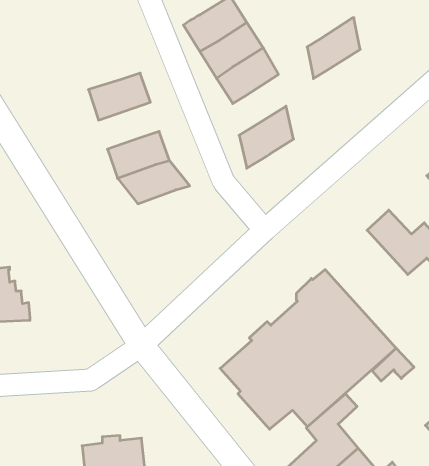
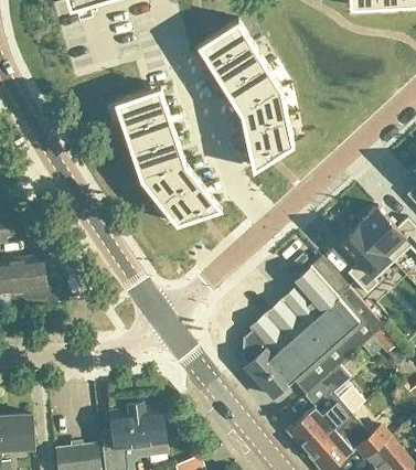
building: [307,18,360,79] -> [242,88,288,141]
building: none -> [125,113,178,153]
building: none -> [159,185,223,224]
building: none -> [340,224,394,293]

